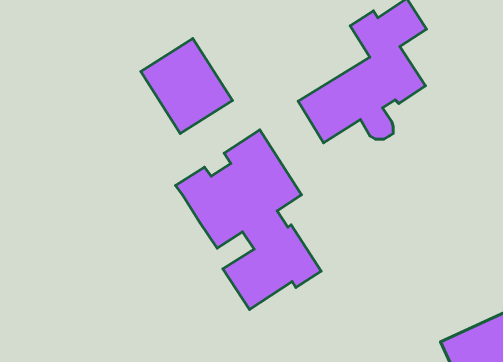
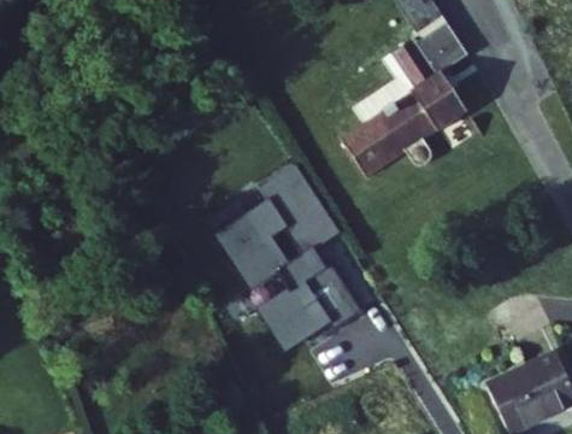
building: [141,38,232,133] -> none

